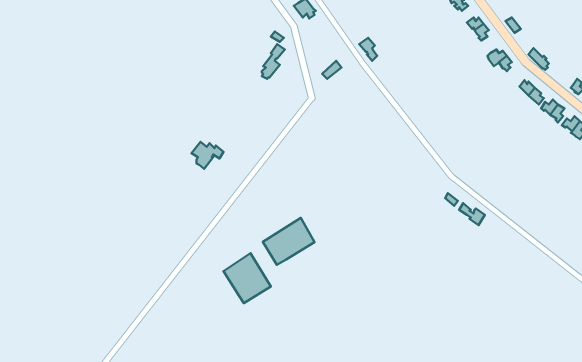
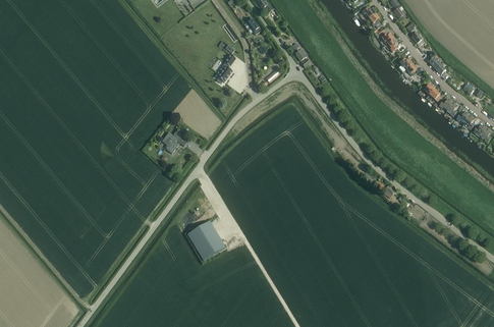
building: [263,218,314,265] -> none

